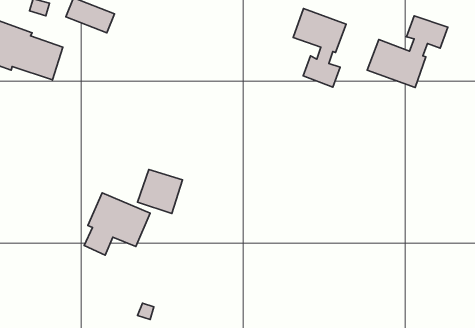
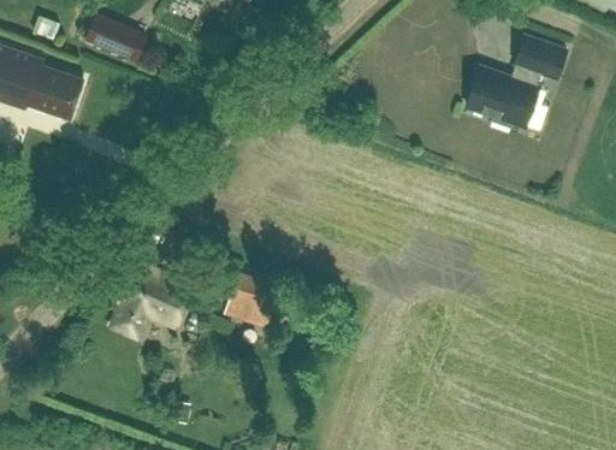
building: [293,8,346,87] -> none
building: [137,169,182,214] -> [223,276,279,331]

